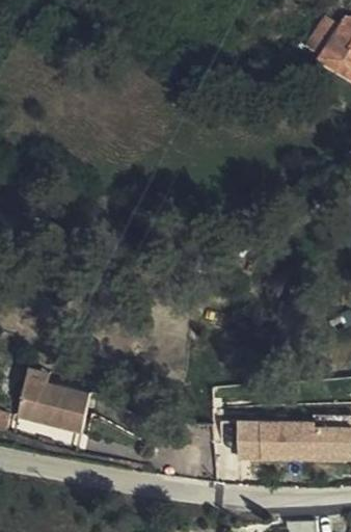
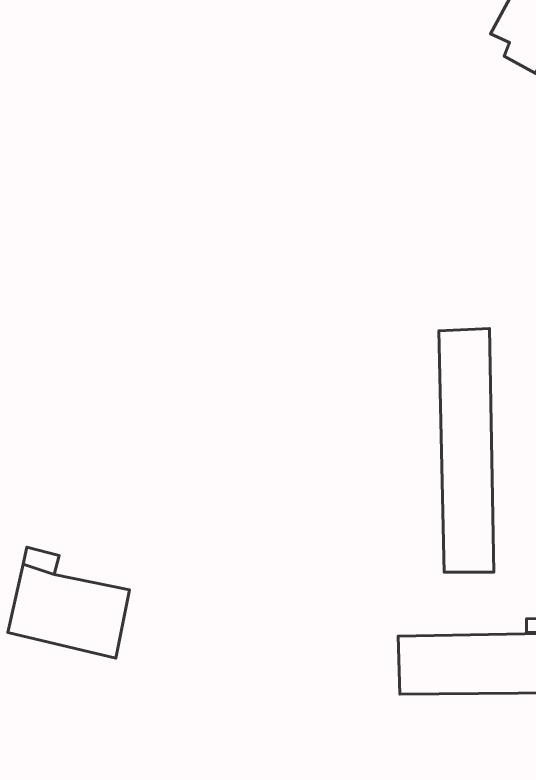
building: none -> [439,329,494,572]

